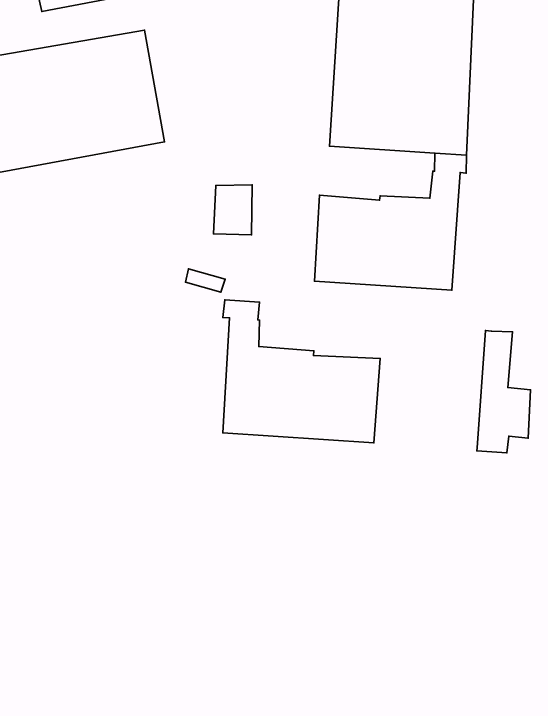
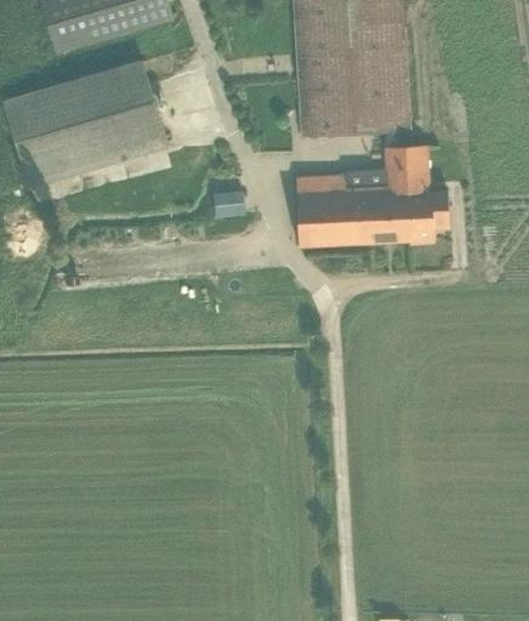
building: [223,300,380,443] -> none
building: [477,330,530,453] -> [406,144,450,243]

